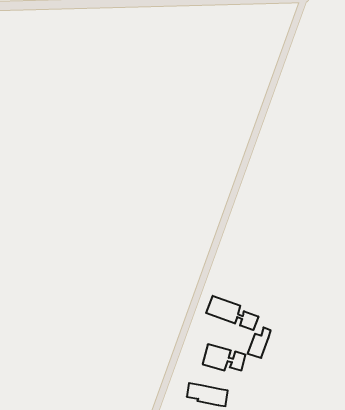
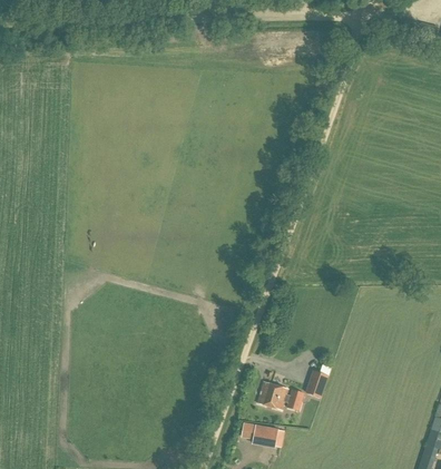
building: [206,296,258,330] -> none

